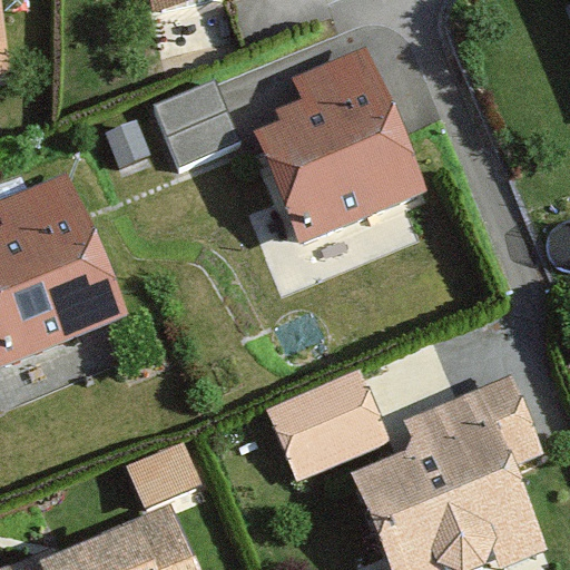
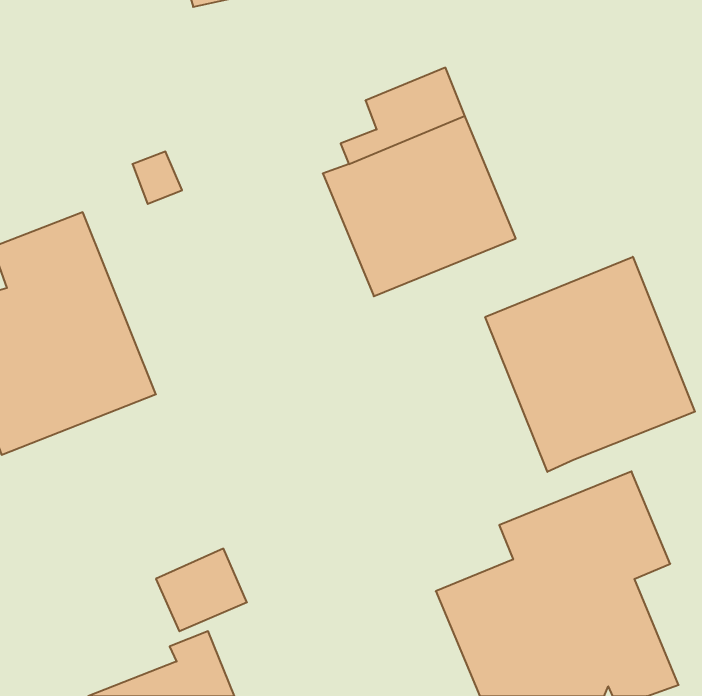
building: [155,83,237,164] -> none
building: none -> [485,257,695,472]
building: [268,371,386,476] -> none

